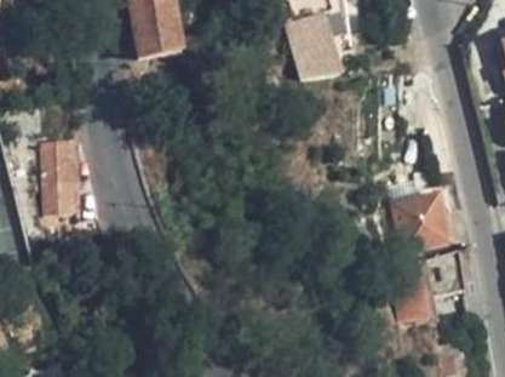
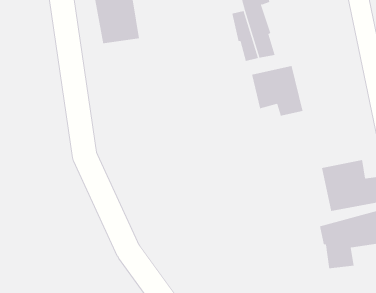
building: none -> [252,65,303,117]
building: [42,141,79,213] -> none

